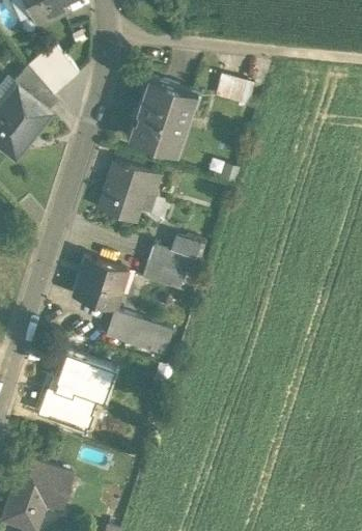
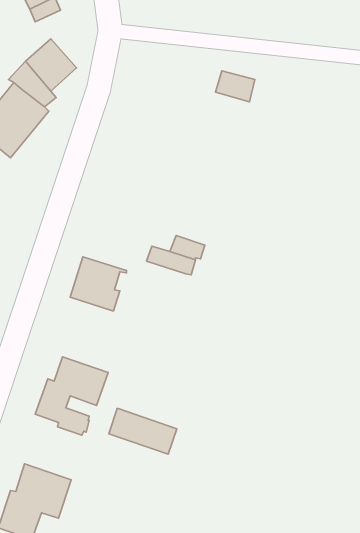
building: [127,78,191,155] -> none
building: [98,161,159,222] -> none
building: [142,261,186,290] -> none
building: [106,310,172,355] -> [109,408,177,454]

